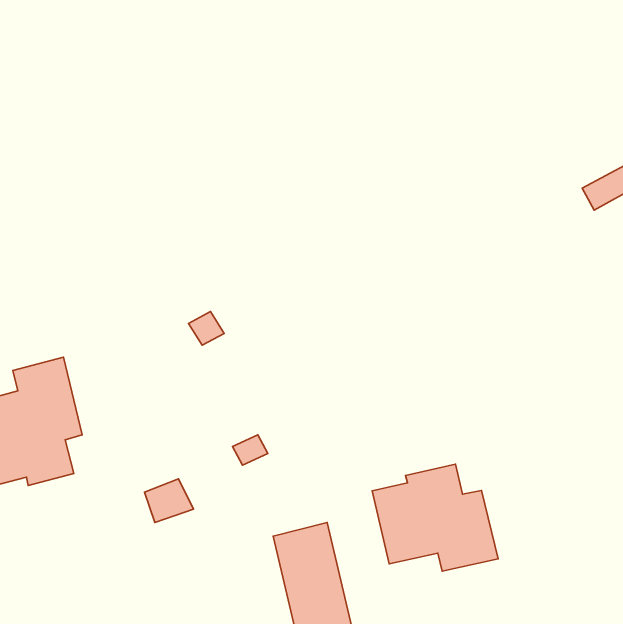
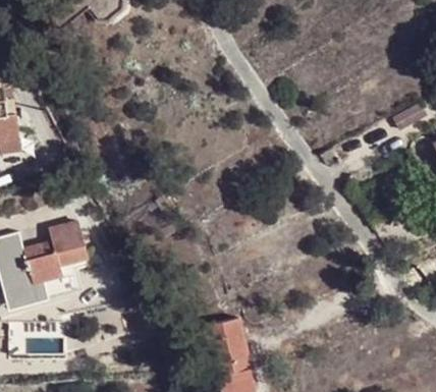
building: [372,464,498,571] -> none

